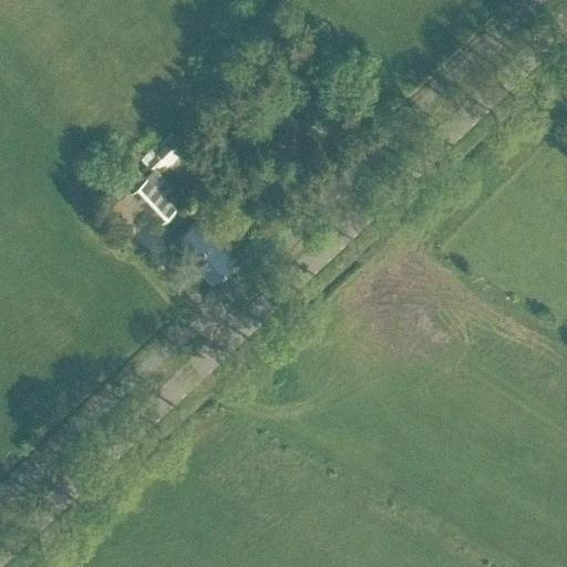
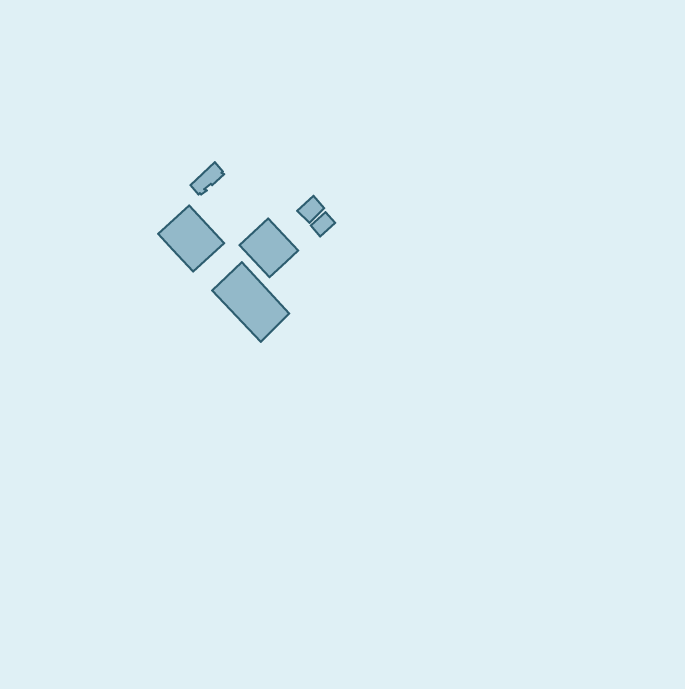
building: none -> [239,219,298,277]

